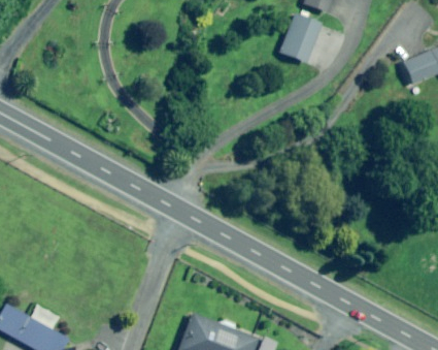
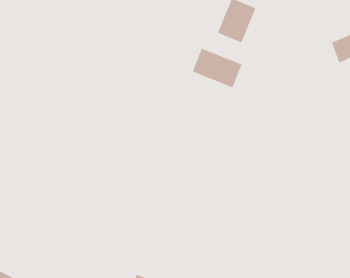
building: none -> [192,48,242,88]

